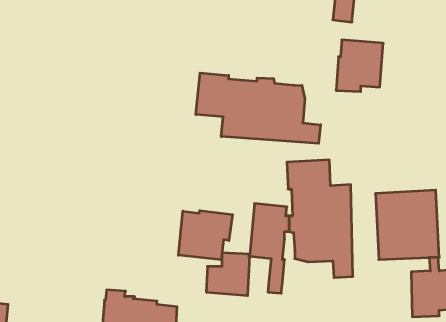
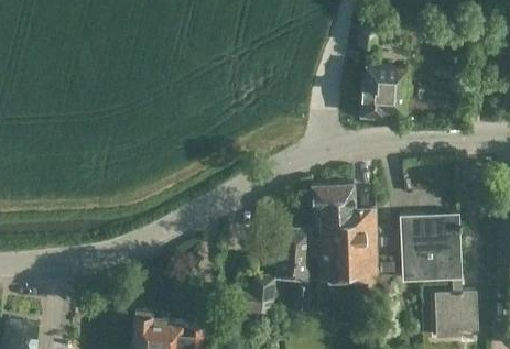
building: [196,73,321,143] -> none
building: [178,211,233,260] -> none

